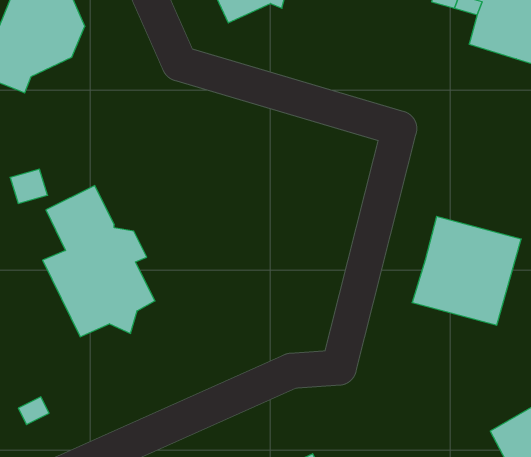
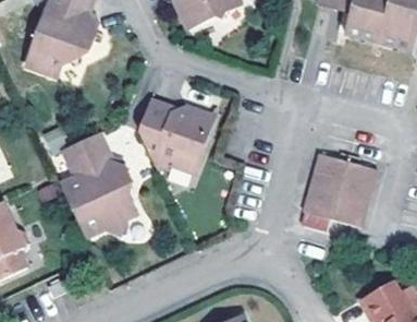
building: none -> [140,98,214,171]

